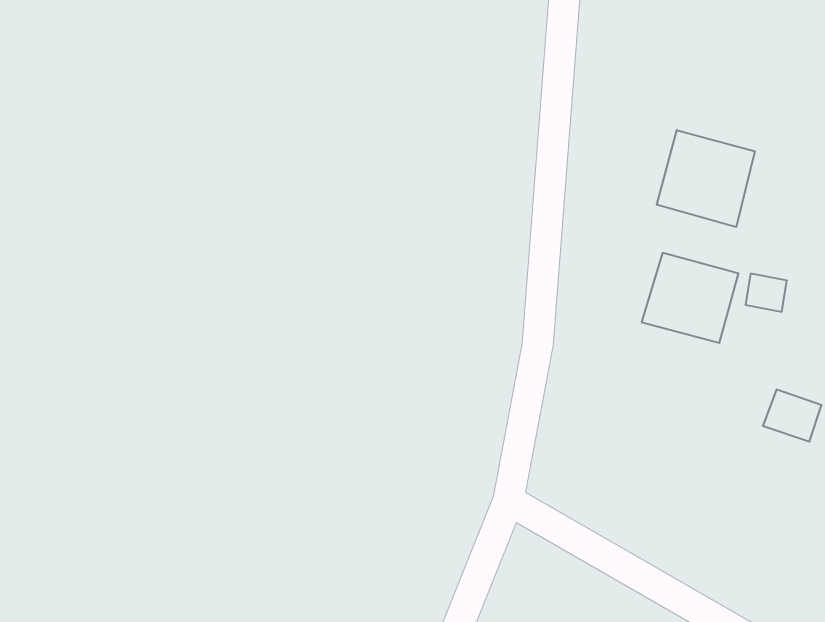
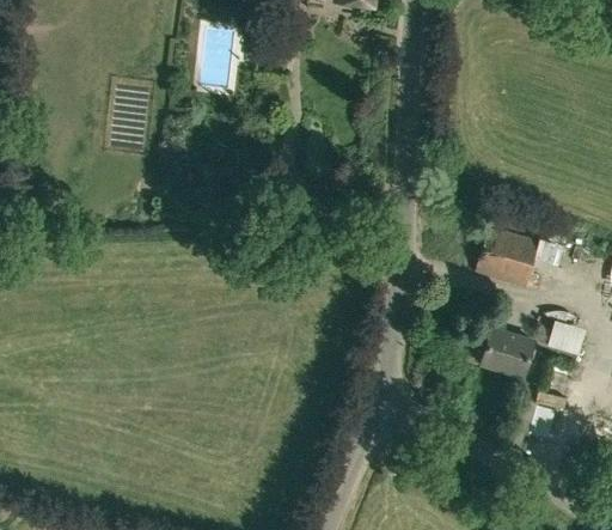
building: [657,130,755,227] -> none
building: none -> [482,328,534,376]

